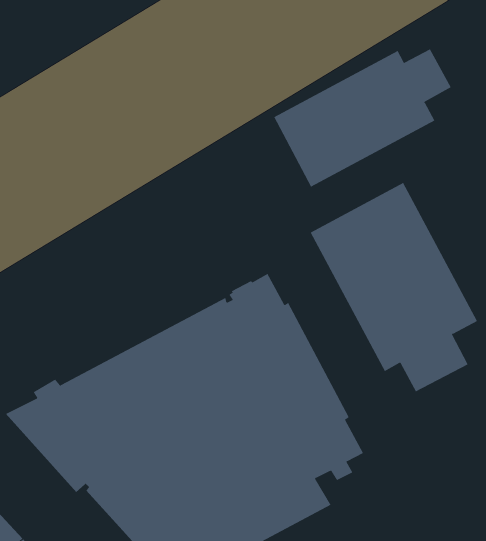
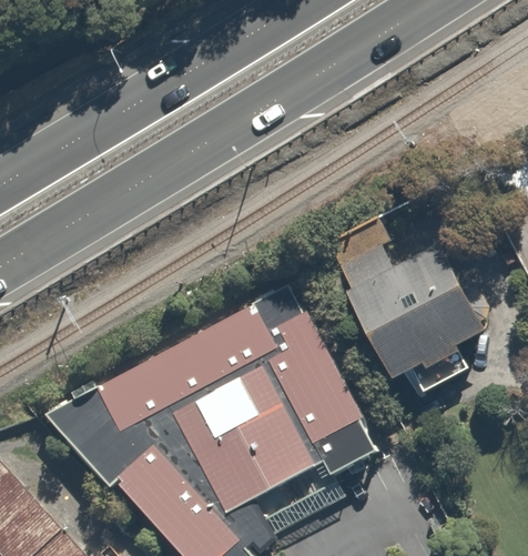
building: [273,48,452,187] -> none

